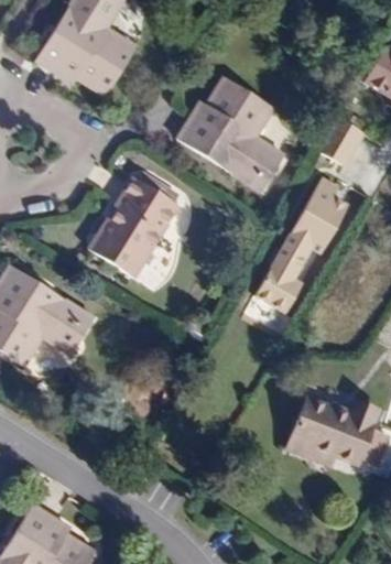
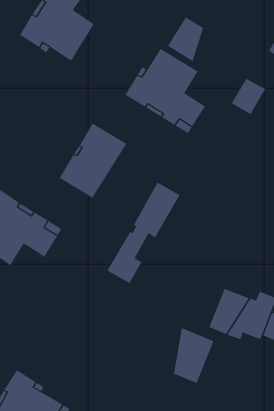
building: none -> [167,16,204,62]
building: [253,178,351,314] -> [107,182,180,284]
building: none -> [173,327,214,384]

